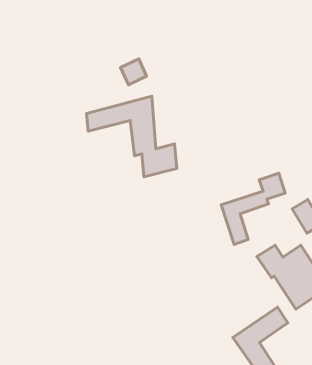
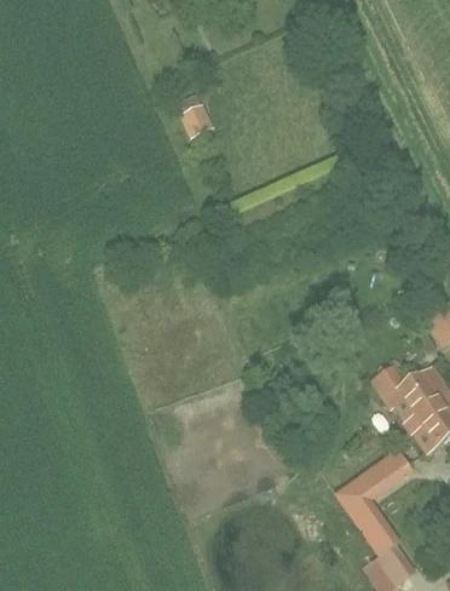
building: [86,96,177,177] -> none
building: [221,173,285,244] -> none

